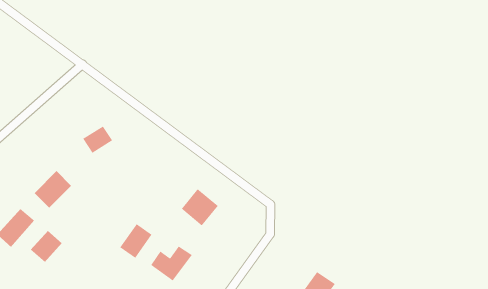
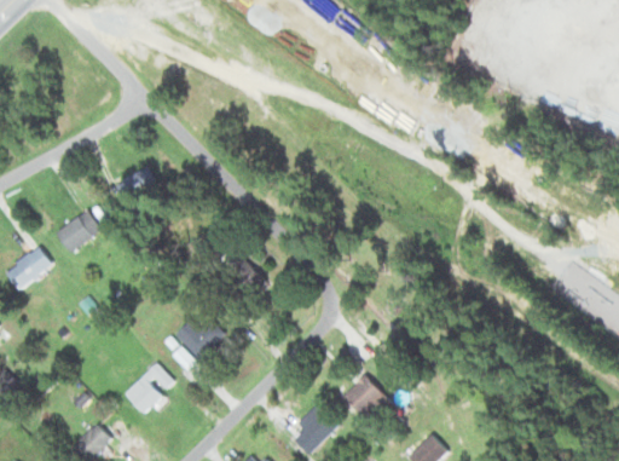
building: [119,223,153,259] -> none
building: [30,230,63,263] -> none

